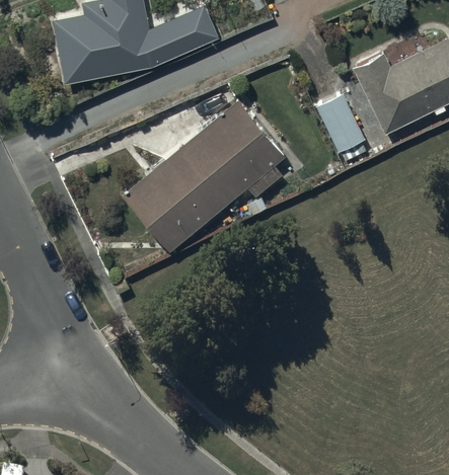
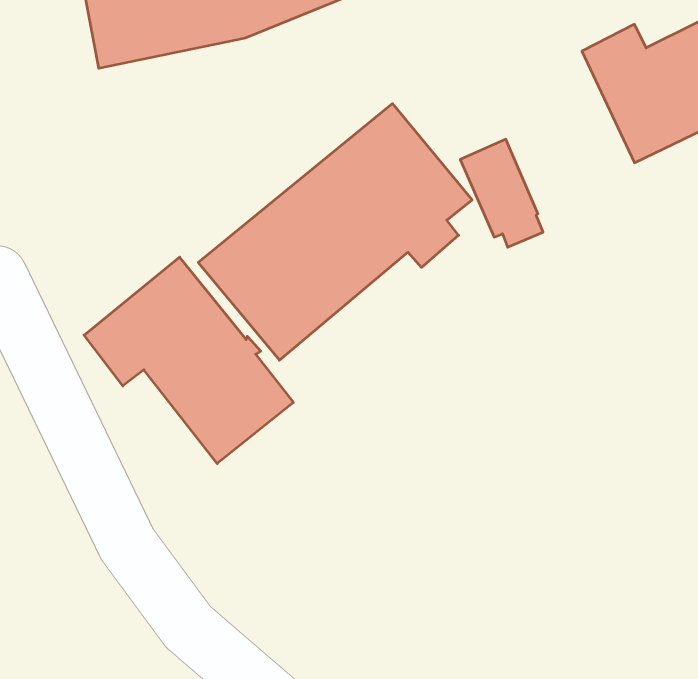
building: [317,96,367,161] -> [460,139,543,247]
building: none -> [84,257,293,464]

